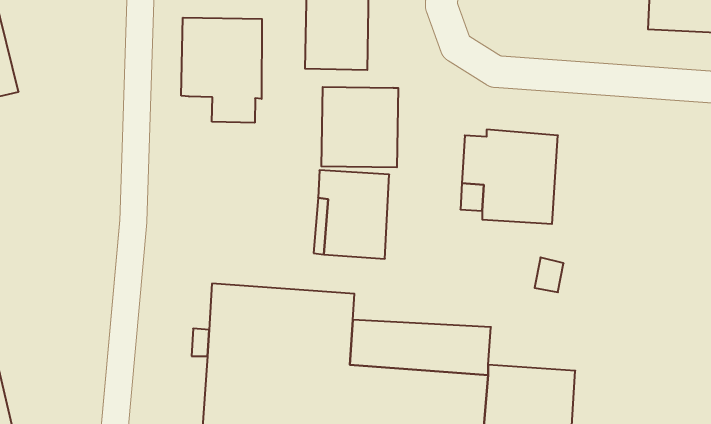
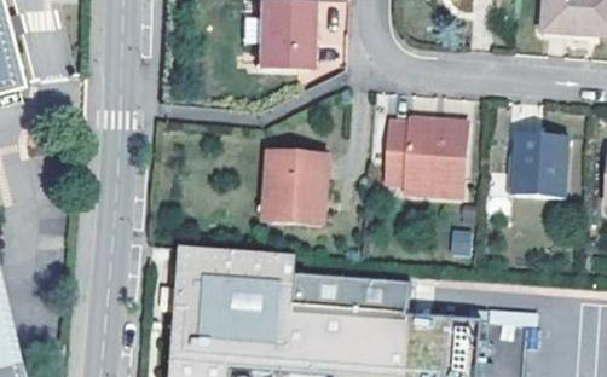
building: [181,18,262,123] -> none
building: [321,87,398,167] -> none
building: none -> [511,130,566,196]

